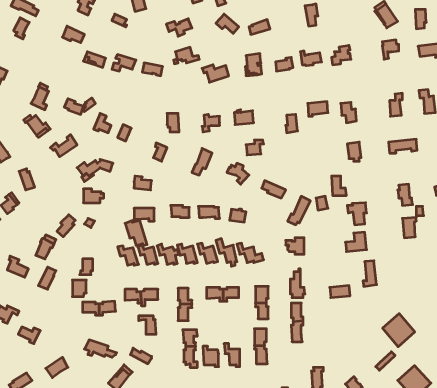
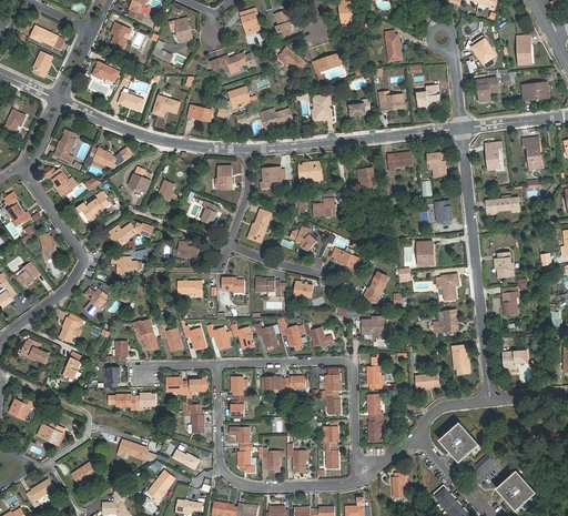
building: [125,221,147,245] -> [132,320,159,350]
building: none -> [501,350,527,375]
building: [383,314,415,347] -> [439,422,478,462]

